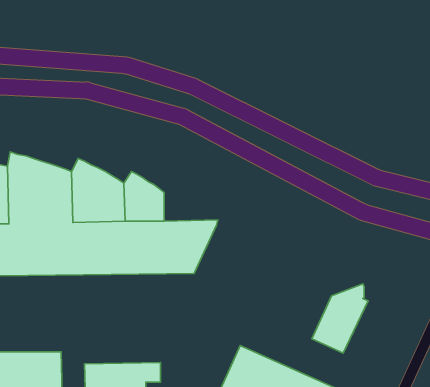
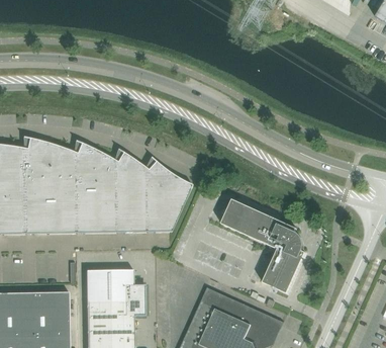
building: none -> [148,160,192,190]
building: none -> [220,198,301,248]
building: none -> [86,269,144,300]

